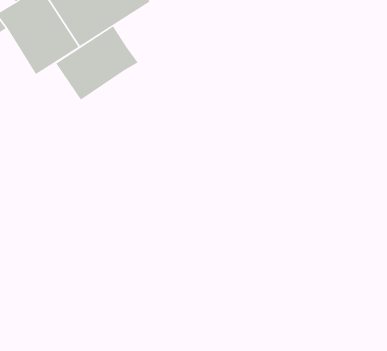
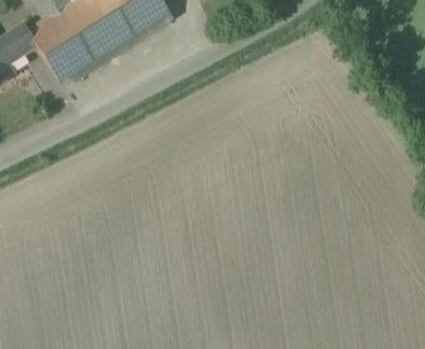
building: [55,25,139,101] -> none

